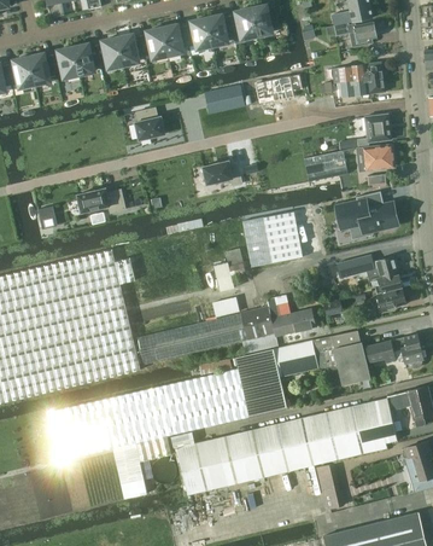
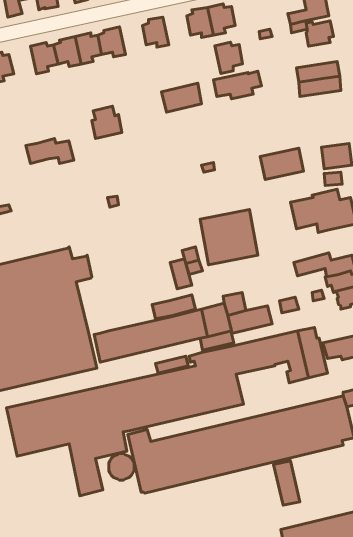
building: [205,14,233,46] -> [215,42,243,73]
building: [162,24,188,56] -> none
building: [51,47,78,77] -> none
building: [357,115,391,146] -> none
building: [201,161,241,185] -> none
building: [76,187,124,213] -> [26,138,74,164]

